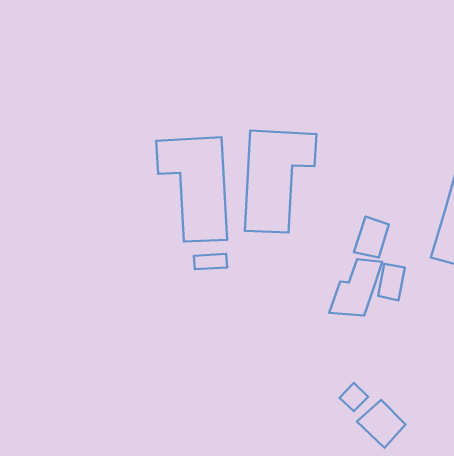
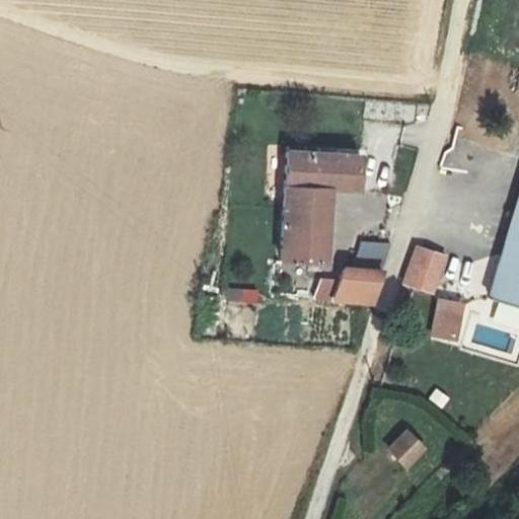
building: [156,137,227,242] -> none
building: [329,259,382,316] -> [332,241,392,305]
building: [357,400,406,448] -> none

